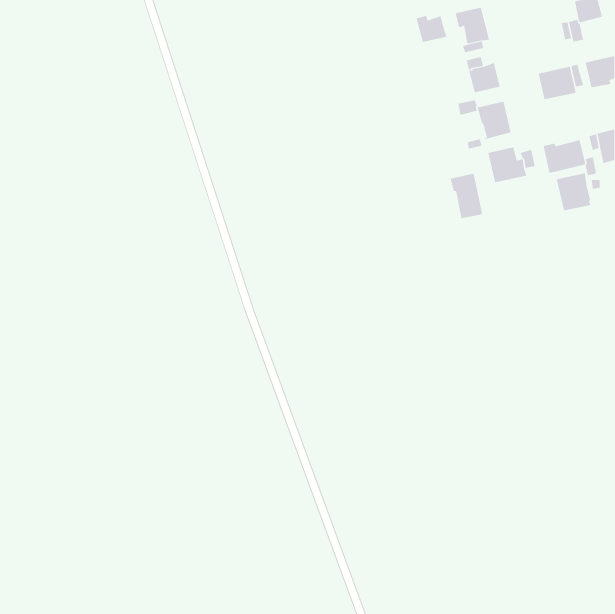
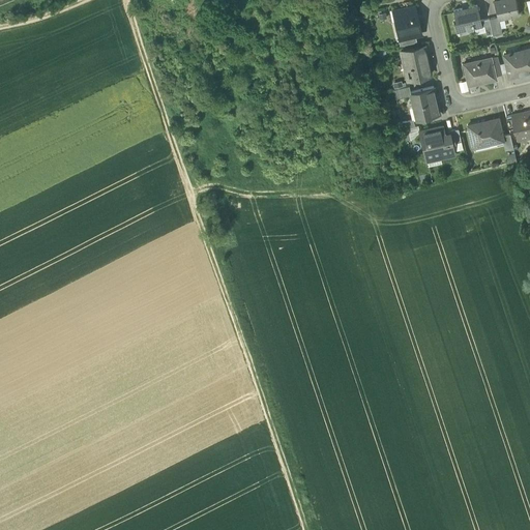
building: none -> [453,5,481,32]
building: [416,15,447,43] -> none
building: [556,173,592,211] -> none
building: [450,173,482,219] -> none

